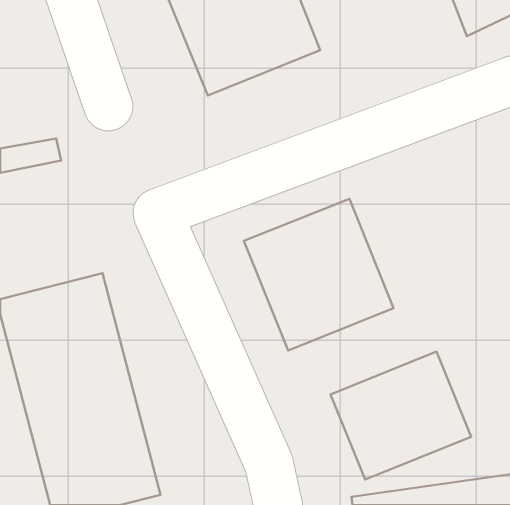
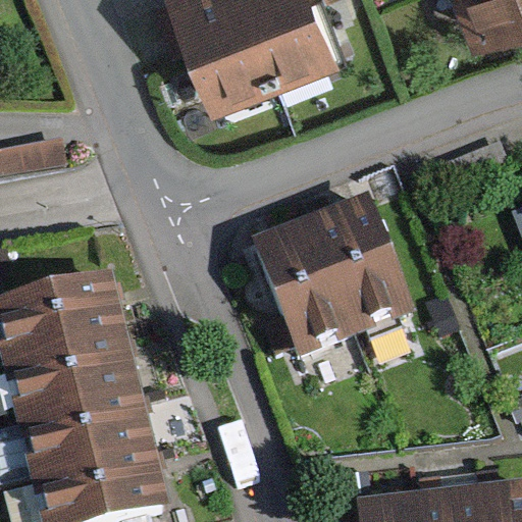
building: [330,352,471,480] -> none

